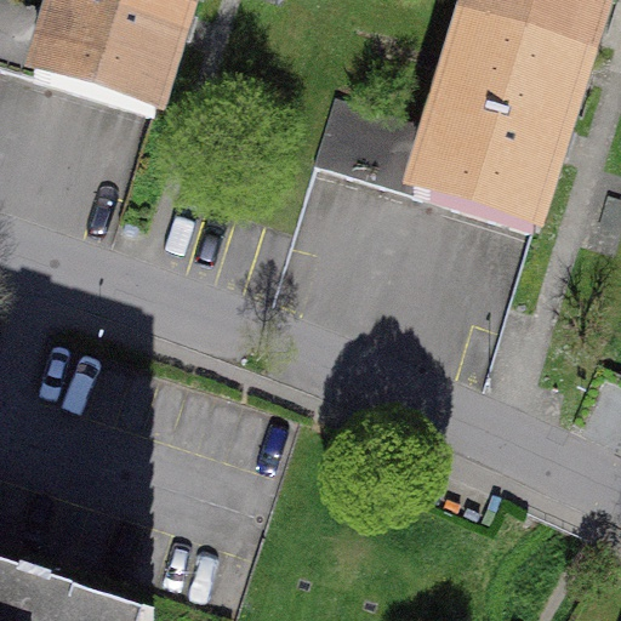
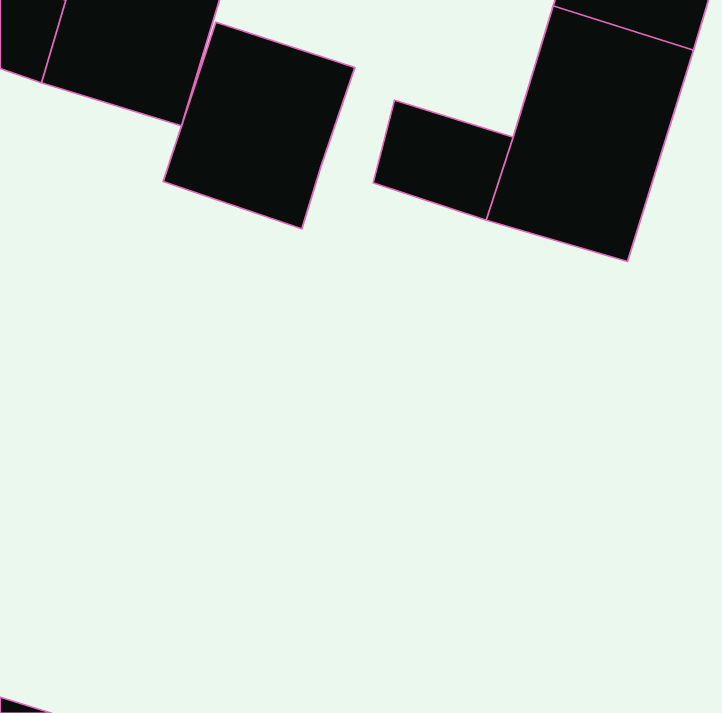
building: none -> [163,22,355,229]

